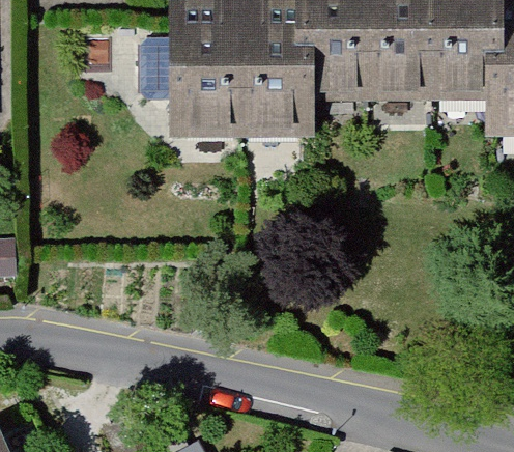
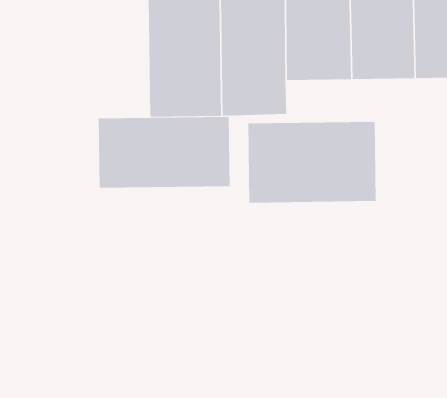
building: none -> [98,116,230,189]
building: none -> [248,121,376,203]

